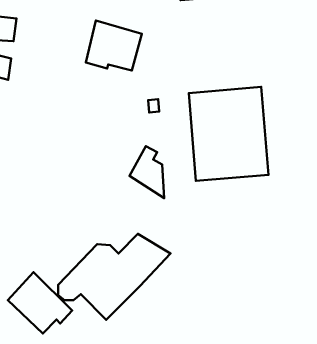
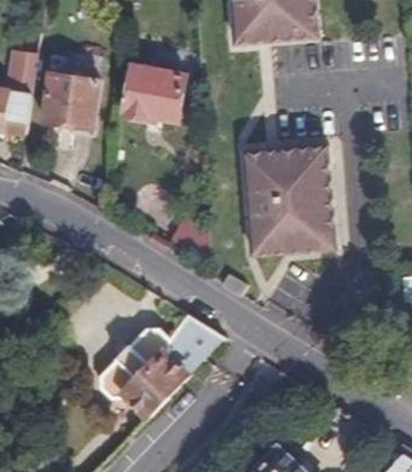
building: none -> [51,74,105,126]
building: [8,272,72,333] -> none

